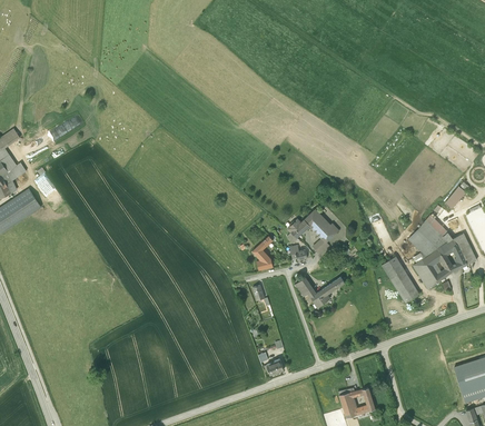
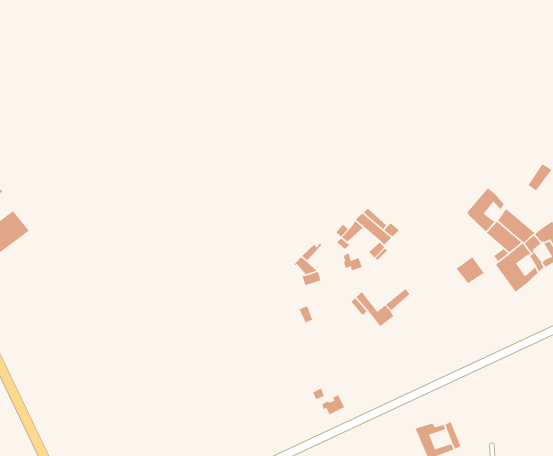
building: none -> [466,187,505,232]
building: [390,270,419,303] -> none

